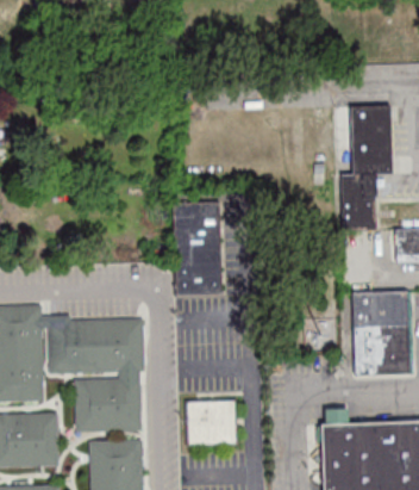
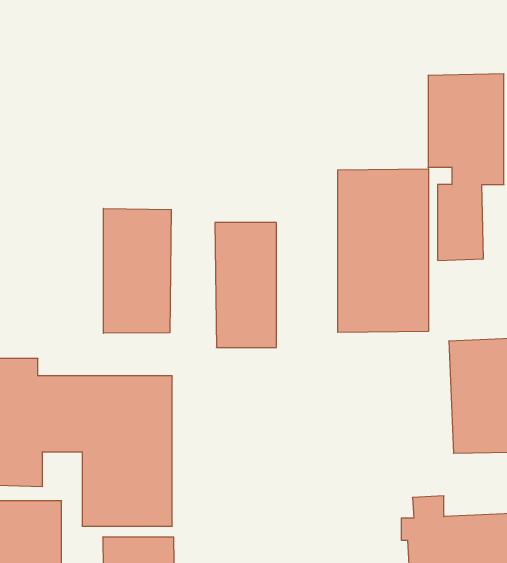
building: none -> [338,169,428,332]
building: none -> [103,208,171,333]
building: [188,398,237,445] -> none

